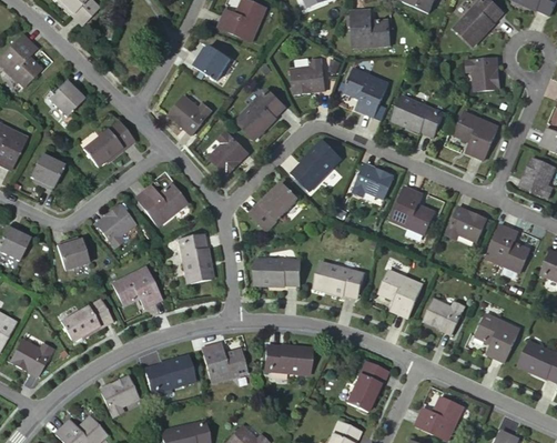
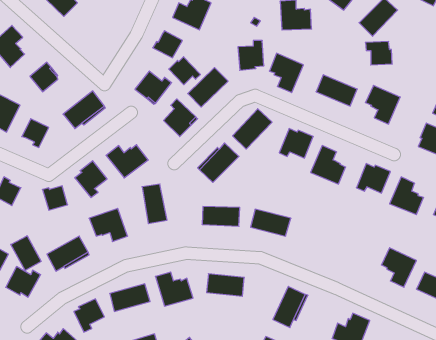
building: none -> [169,57,200,85]
building: [377,270,422,316] -> none
building: none -> [11,236,41,271]
building: [423,299,465,332] -> none

